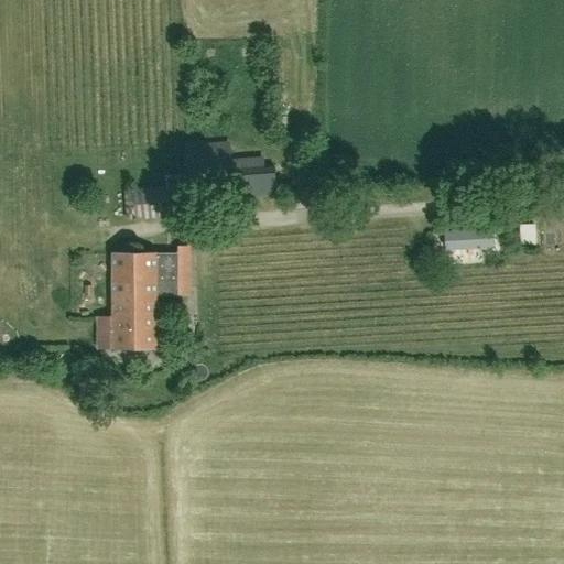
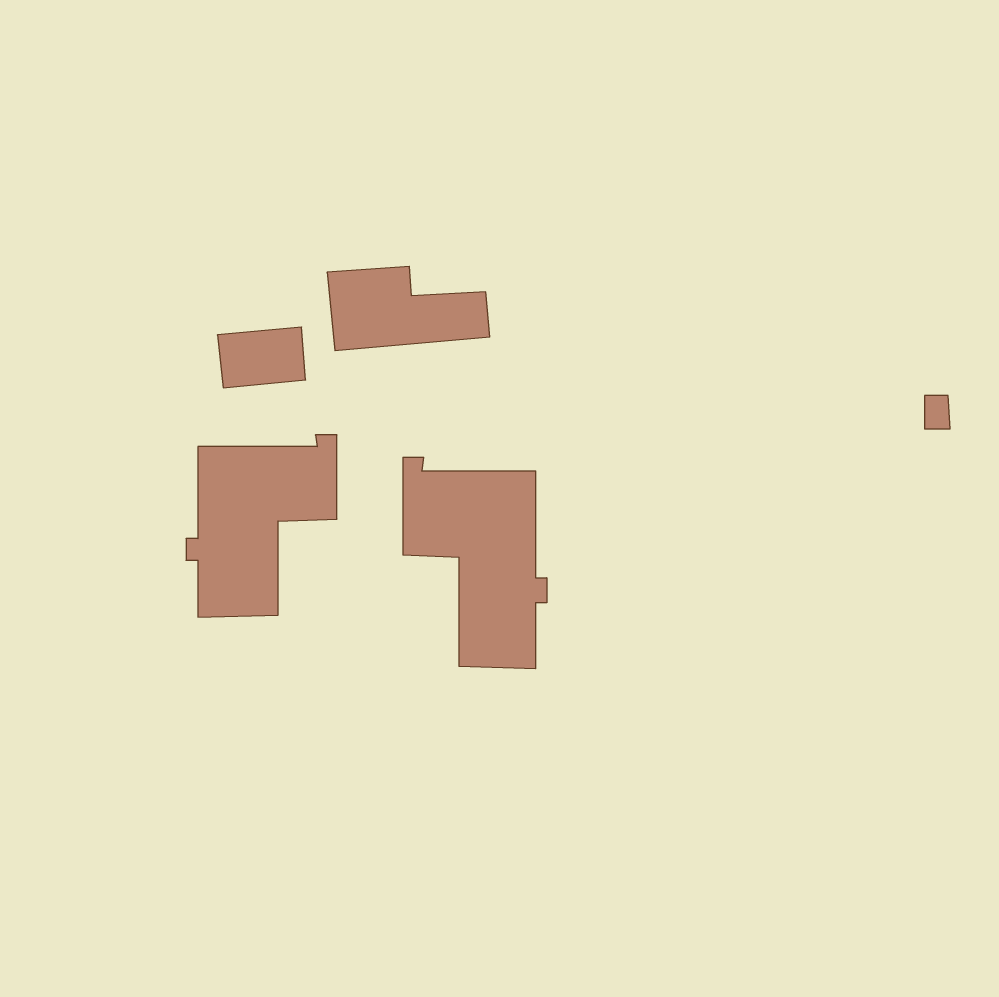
building: [432,226,490,252] -> none
building: none -> [403,457,547,669]

